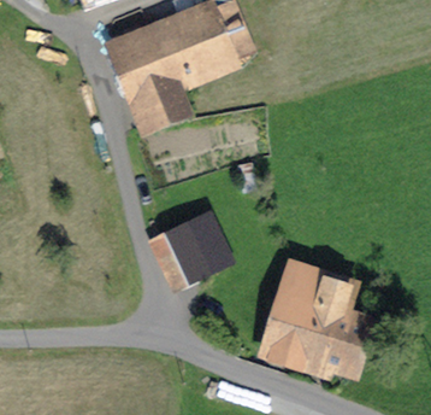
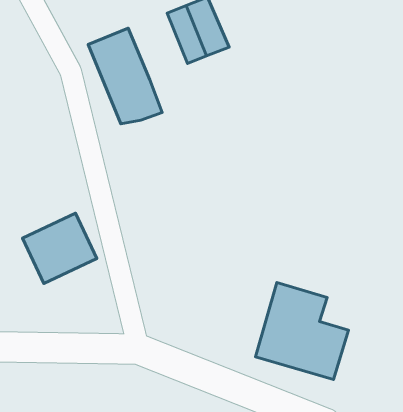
building: [152,19,208,83] -> none
building: [152,218,223,286] -> [23,213,97,284]

